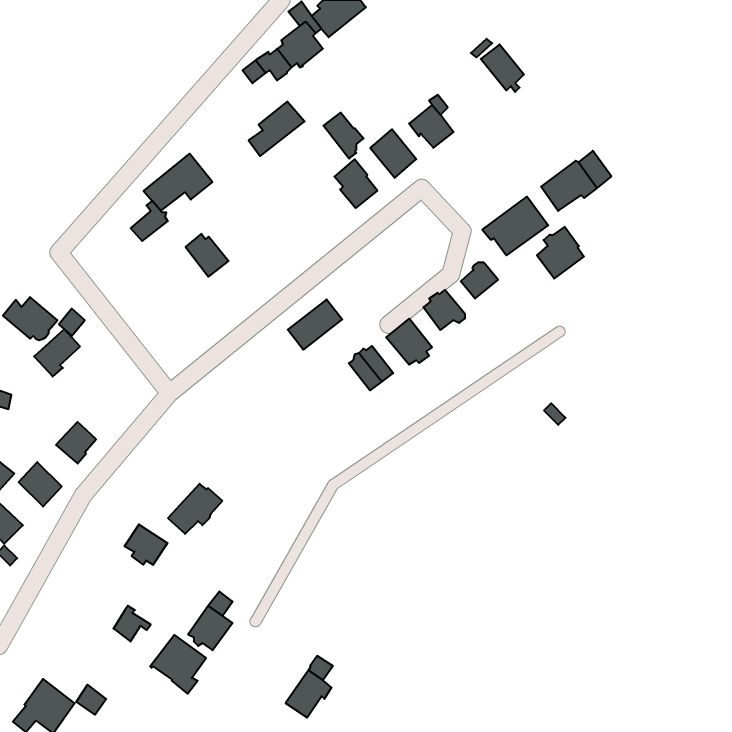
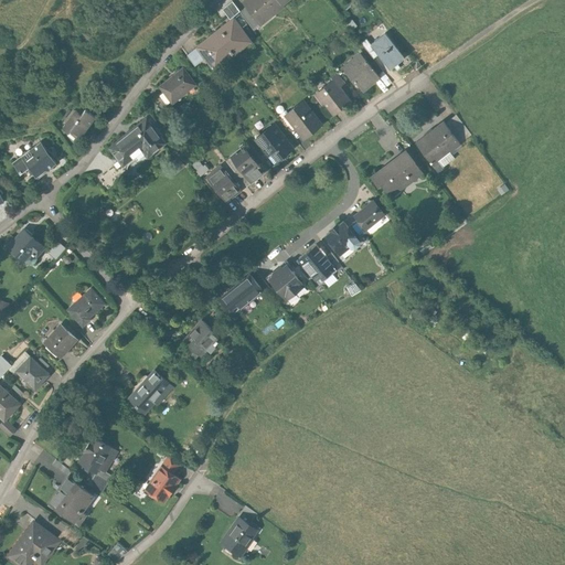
building: none -> [344,53,377,89]
building: [249,102,305,156] -> [152,70,195,111]
building: [323,113,364,159] -> [230,146,260,181]
building: none -> [63,109,94,136]
building: none -> [12,142,55,177]
building: [537,227,584,279] -> none
building: [186,234,229,277] -> [207,169,241,202]
building: [288,299,342,350] -> [220,277,262,316]
building: [34,329,80,377] -> [67,289,103,326]
building: none -> [182,322,217,354]
building: [124,524,168,565] -> [82,439,115,470]
building: [150,635,206,694] -> [49,479,92,524]

